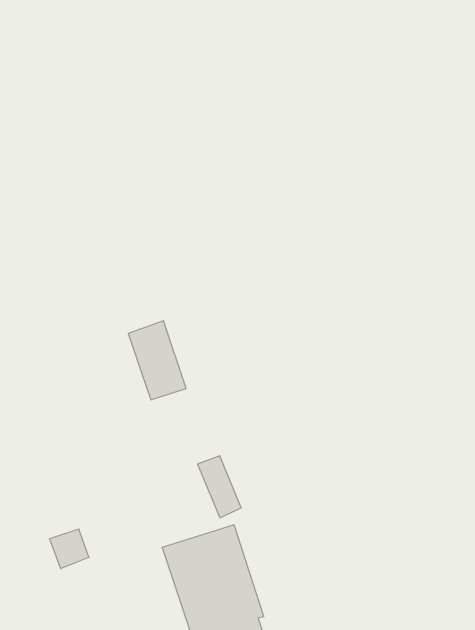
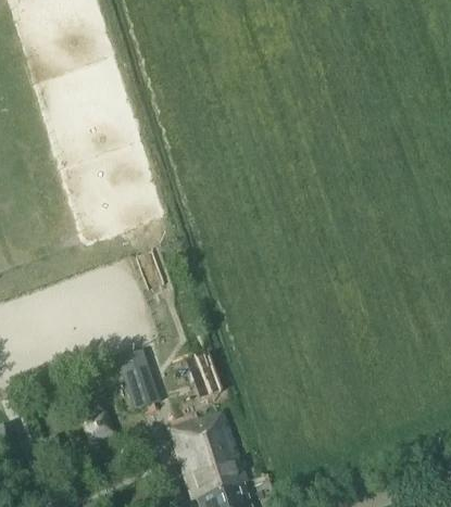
building: [128,321,186,400] -> [117,351,162,411]

